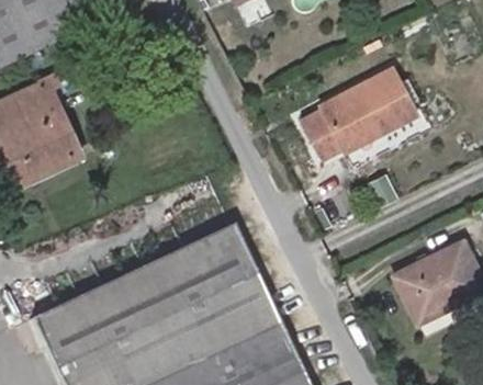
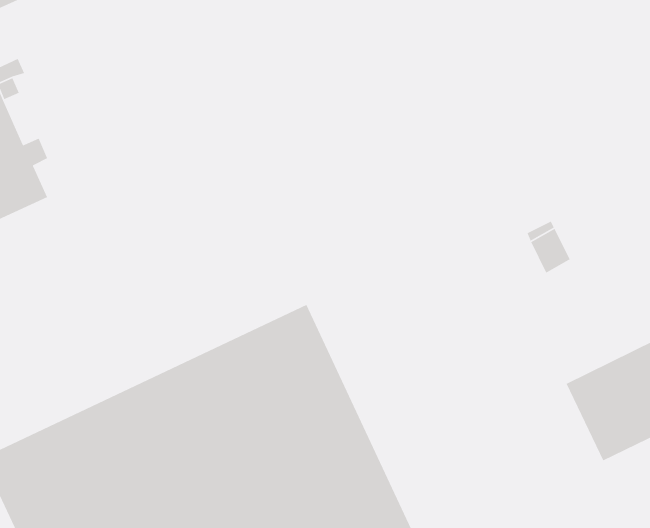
building: [305,67,416,154] -> none

